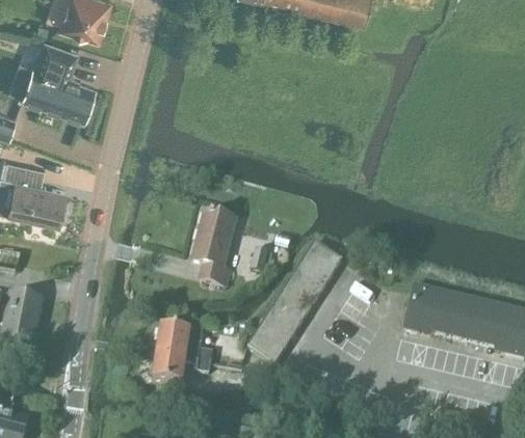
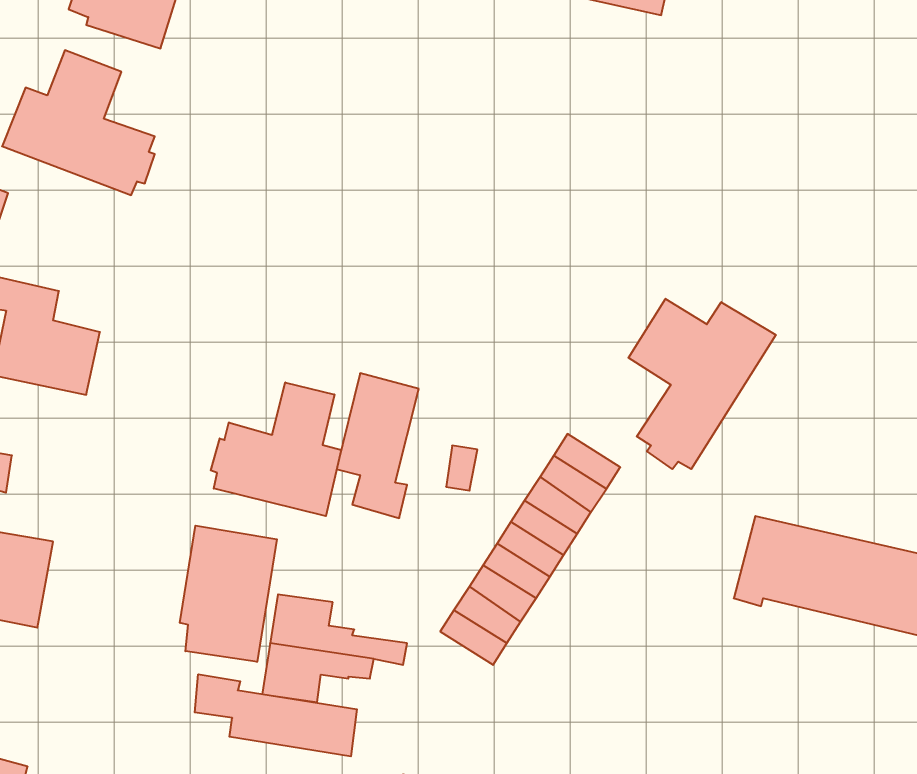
building: none -> [628,299,776,469]
building: none -> [211,382,341,516]
building: none -> [180,526,277,662]
building: none -> [195,674,357,756]

